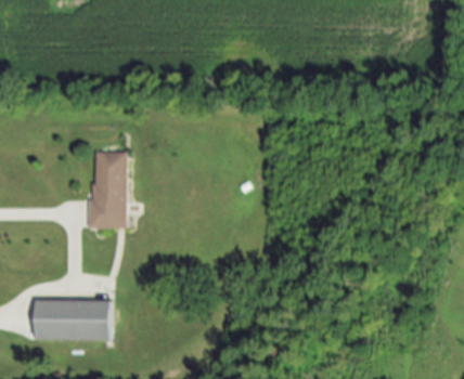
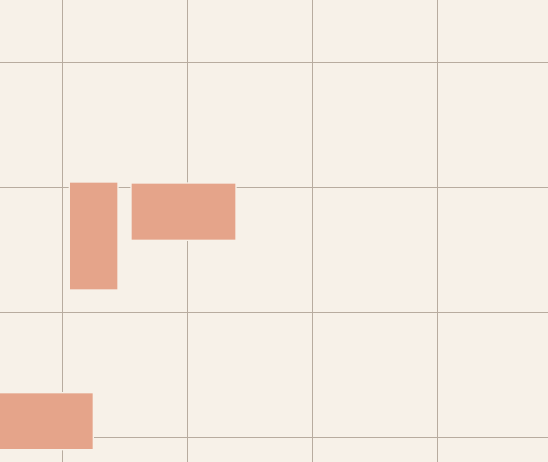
building: none -> [131,183,236,241]

